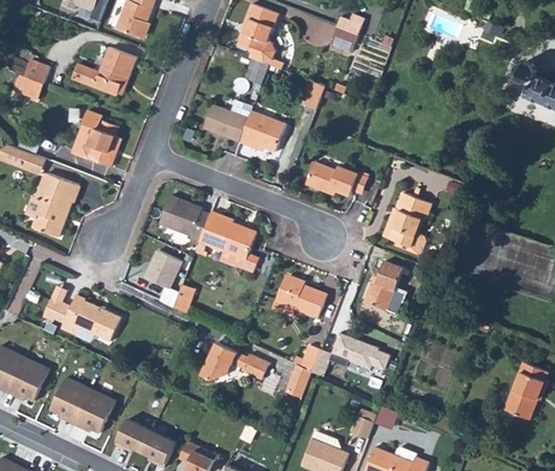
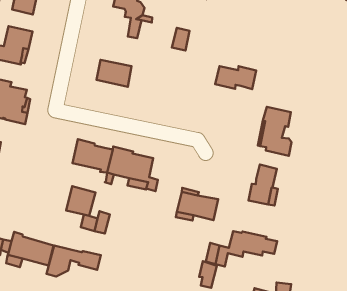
building: [240,112,286,150] -> none
building: [306,162,358,196] -> [215,66,256,89]
building: [202,341,270,378] -> [47,246,101,276]

